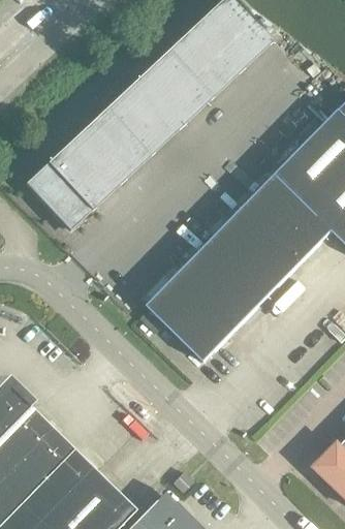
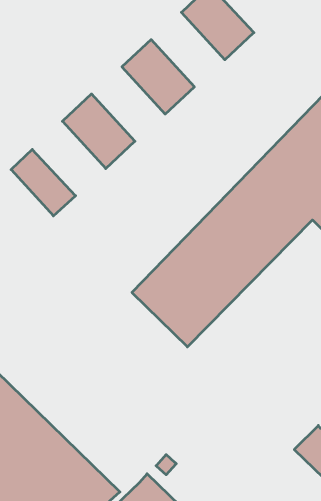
building: [167,19,243,95] -> none
building: [106,74,182,151] -> none
building: [45,130,121,207] -> none

